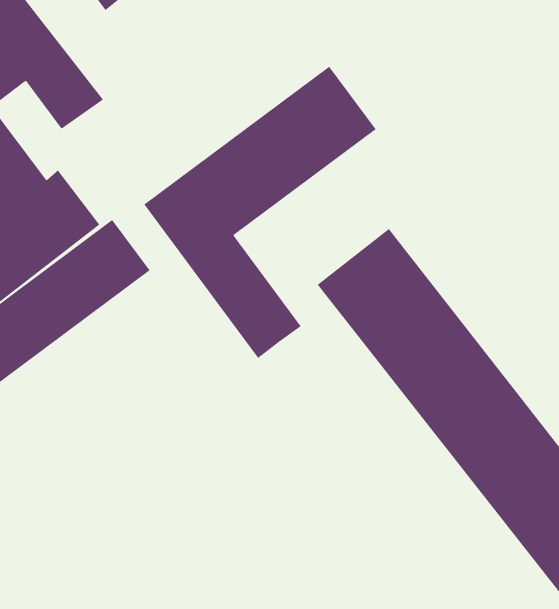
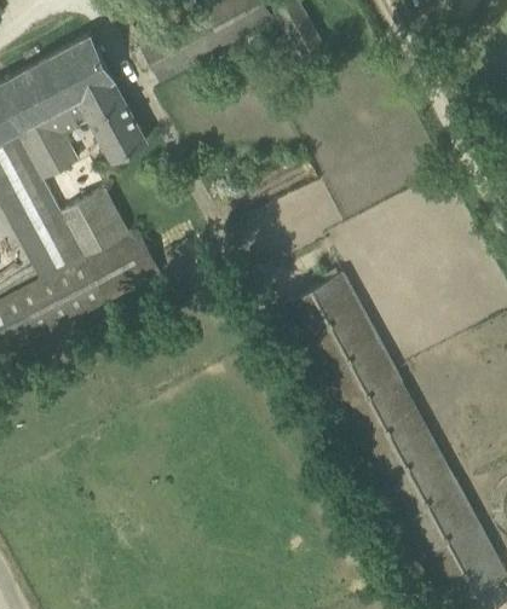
building: [143,66,376,359] -> none

